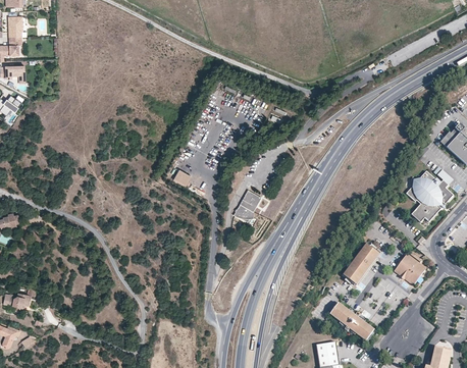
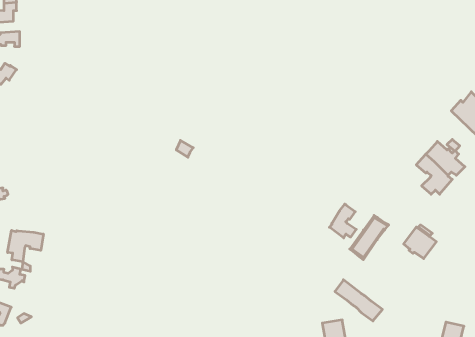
building: [235,189,262,220] -> none
building: none -> [329,204,356,238]
building: none -> [8,230,43,262]

